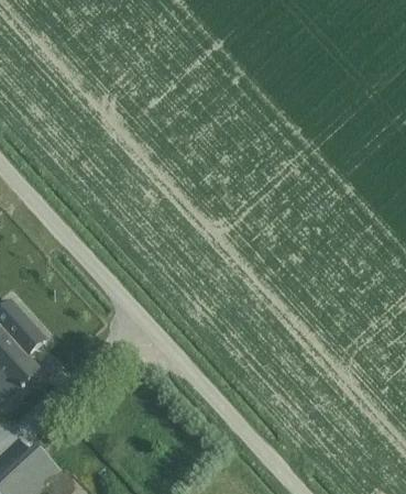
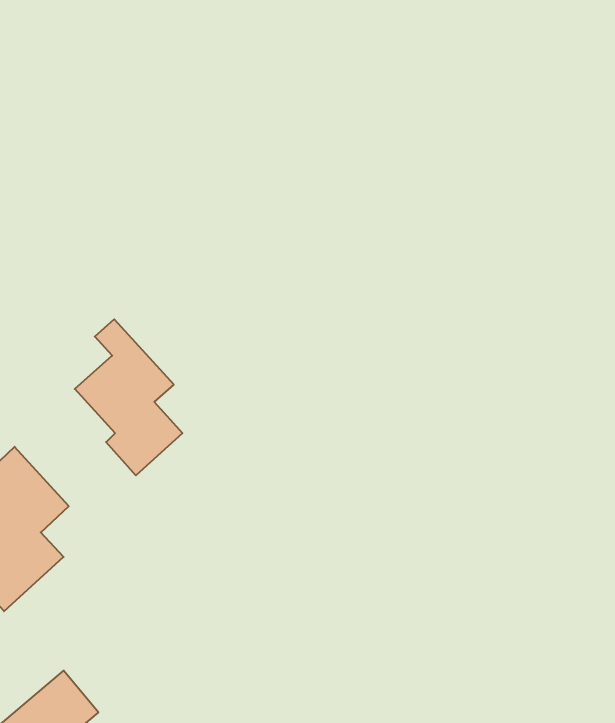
building: none -> [75,319,182,475]

